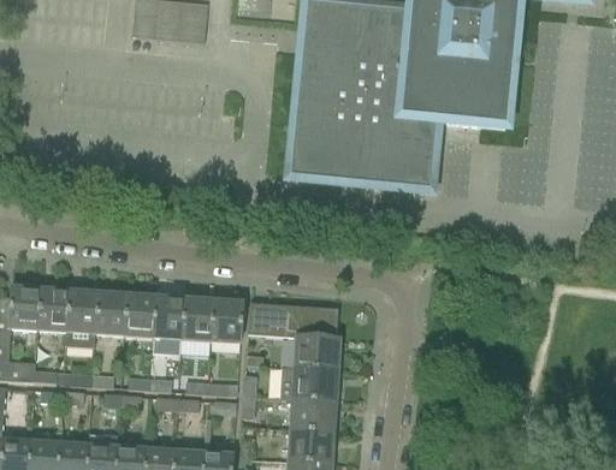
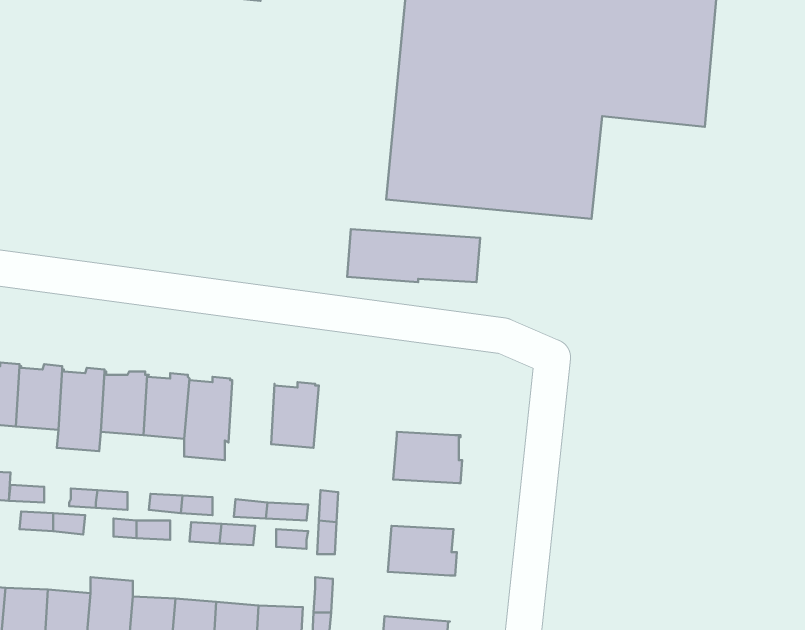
building: [182,298,213,343] -> none
building: [248,301,338,337] -> [347,229,480,282]
building: [279,365,338,400] -> none
building: [288,429,334,463] -> none

